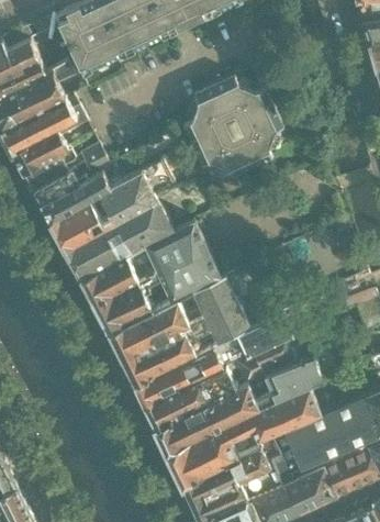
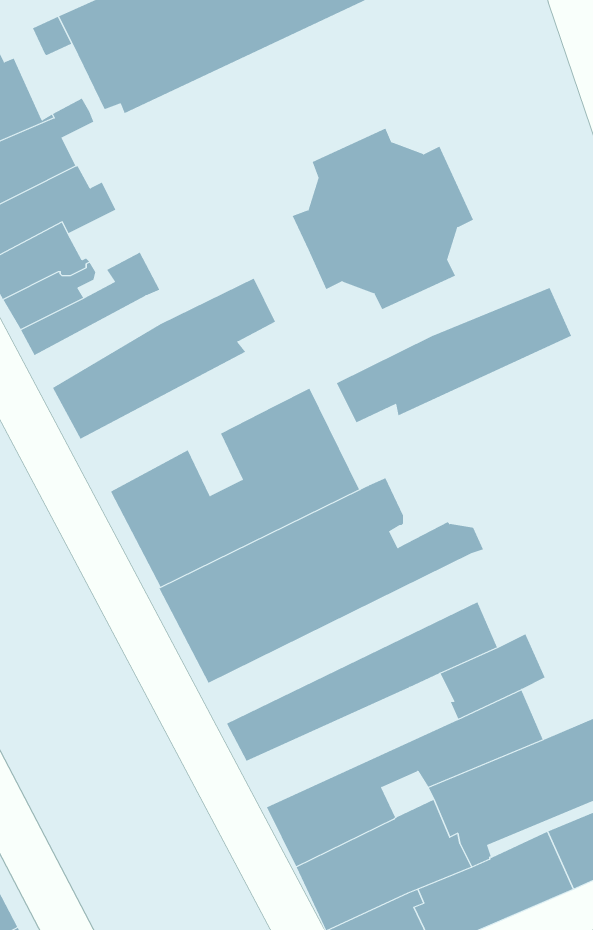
building: none -> [336,287,572,423]
building: [41,171,110,222] -> none
building: [66,202,172,279] -> none
building: [136,313,292,407] -> none
building: [156,387,273,453] -> none

